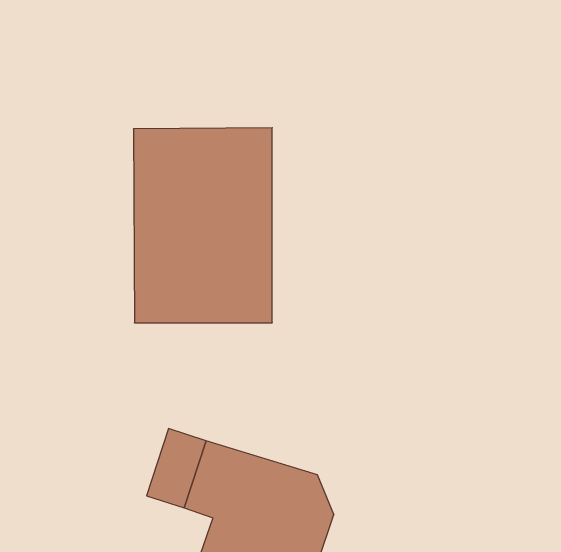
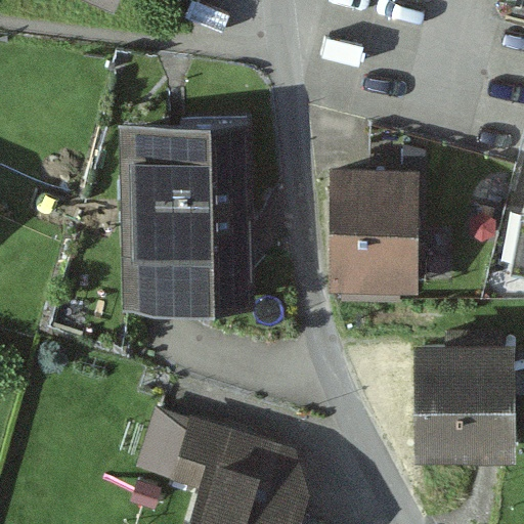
building: none -> [333,174,418,293]
building: none -> [419,338,513,449]

